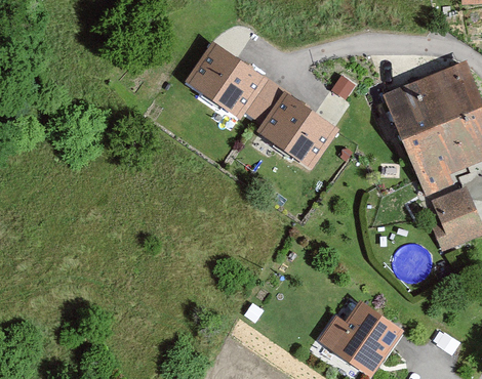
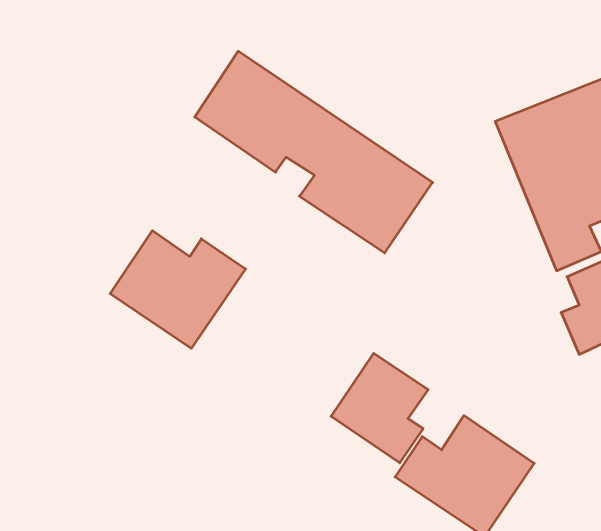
building: none -> [110,231,246,348]
building: none -> [331,353,428,463]

